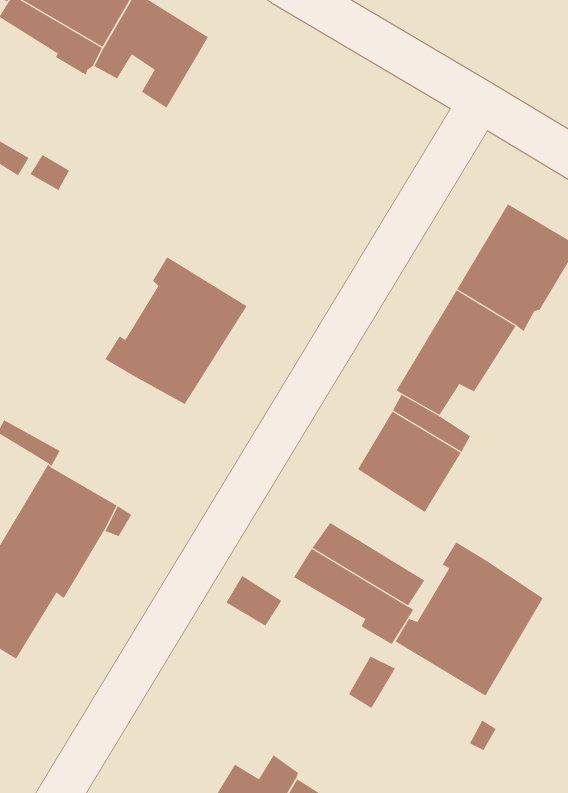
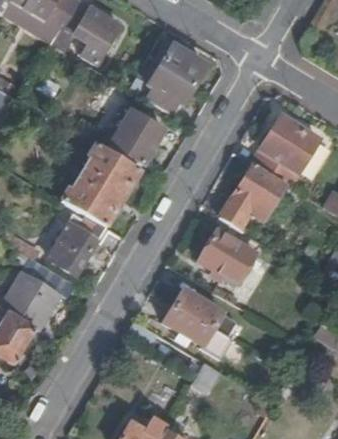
building: none -> [128,48,199,115]
building: none -> [107,110,163,166]
building: none -> [51,210,110,276]
building: [395,541,544,697] -> none

